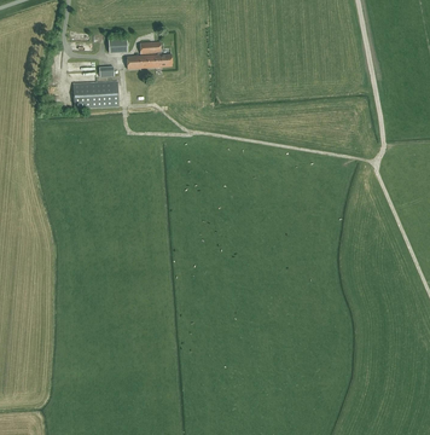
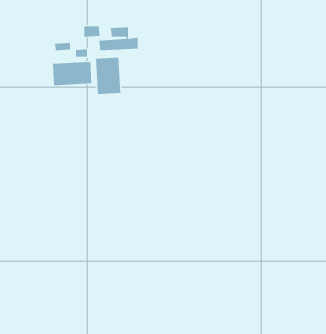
building: none -> [96,57,121,95]

